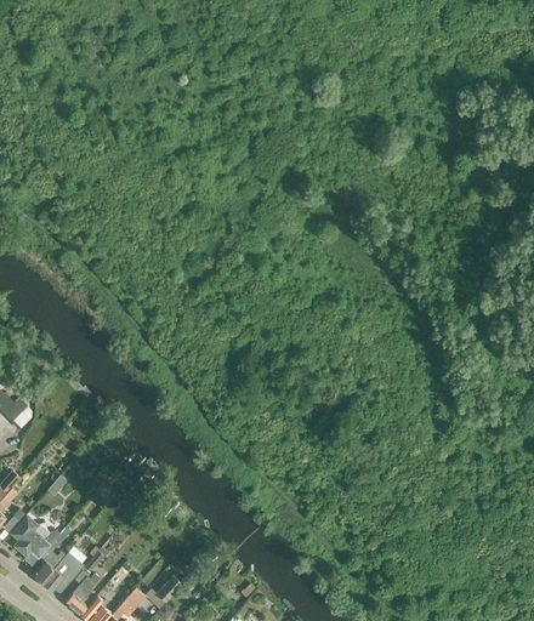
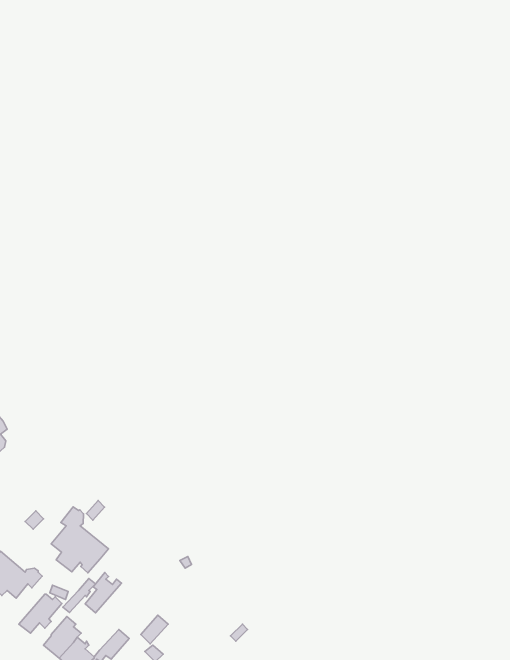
building: none -> [51,507,108,573]
building: [32,546,66,583] -> [85,573,122,613]

